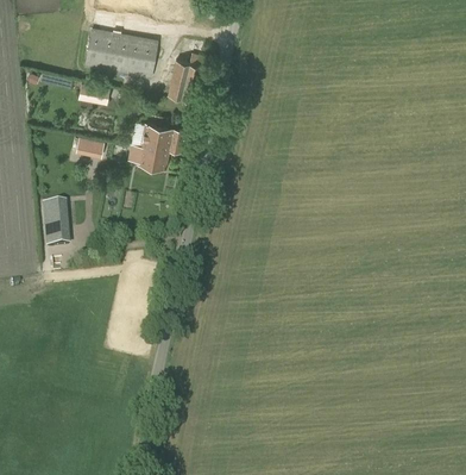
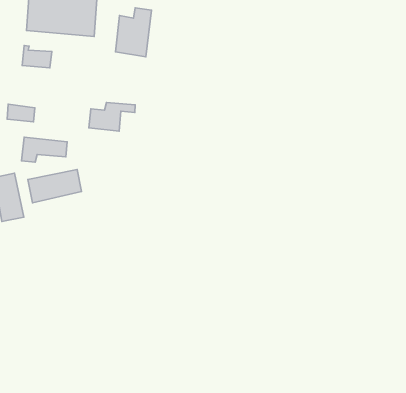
building: [140,121,185,146] -> [22,137,67,162]
building: none -> [28,169,82,203]

